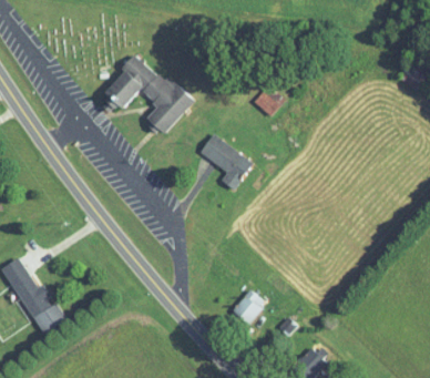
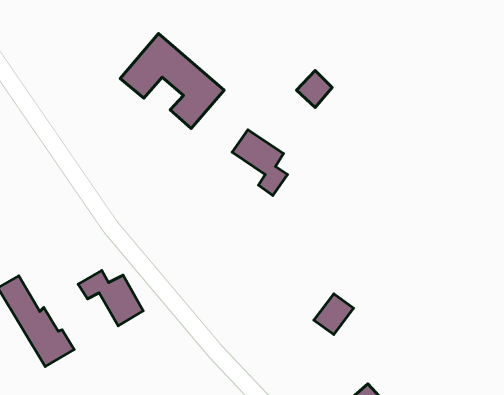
building: none -> [78,271,143,326]
building: [232,289,265,324] -> [314,294,353,335]

